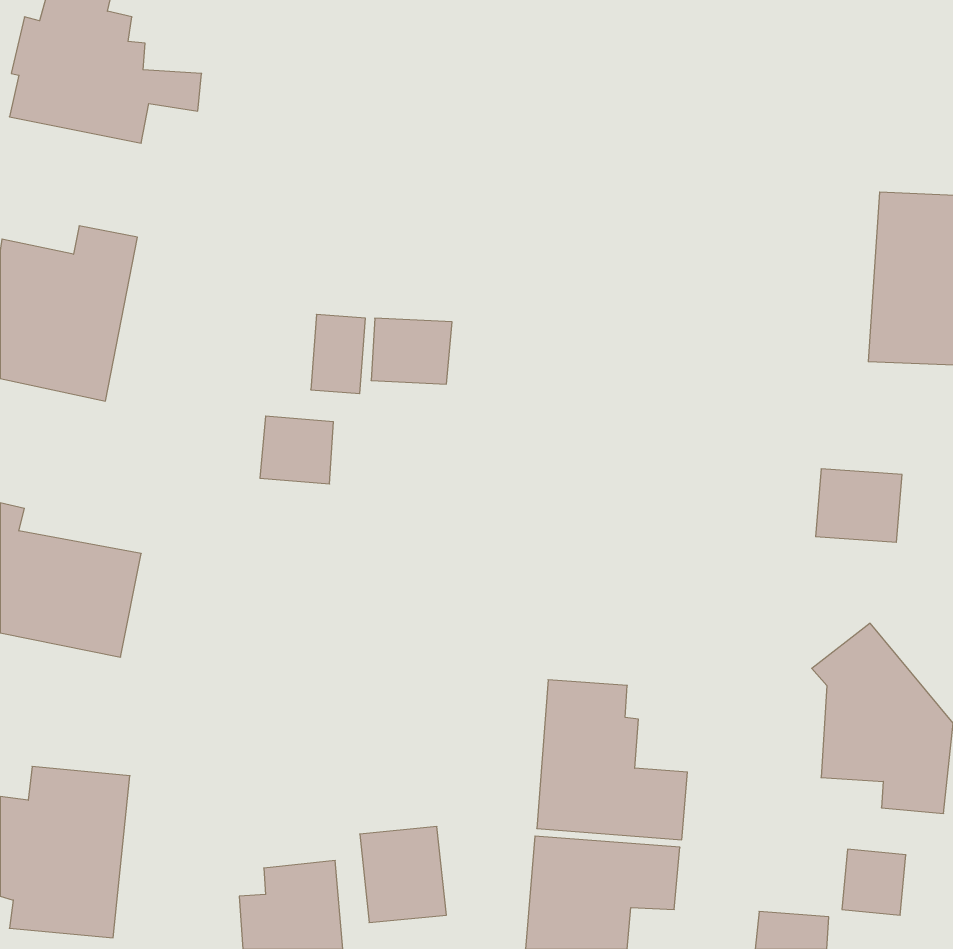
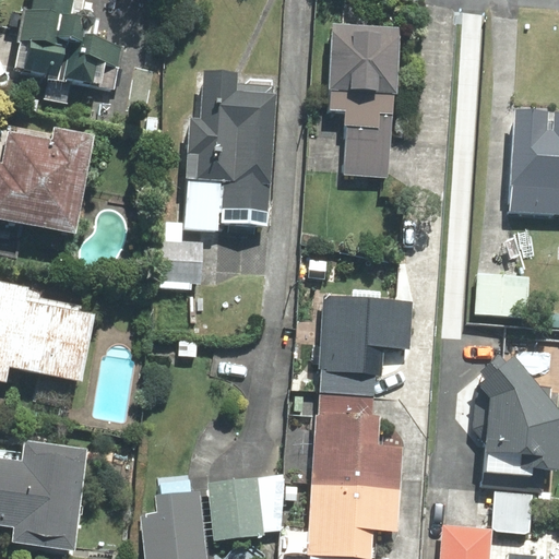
building: none -> [328,28,395,170]
building: none -> [185,74,274,181]
building: none -> [321,298,409,392]

